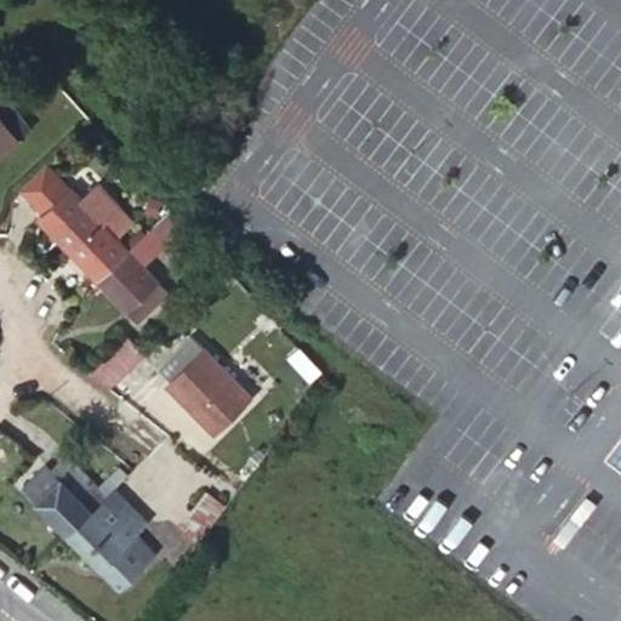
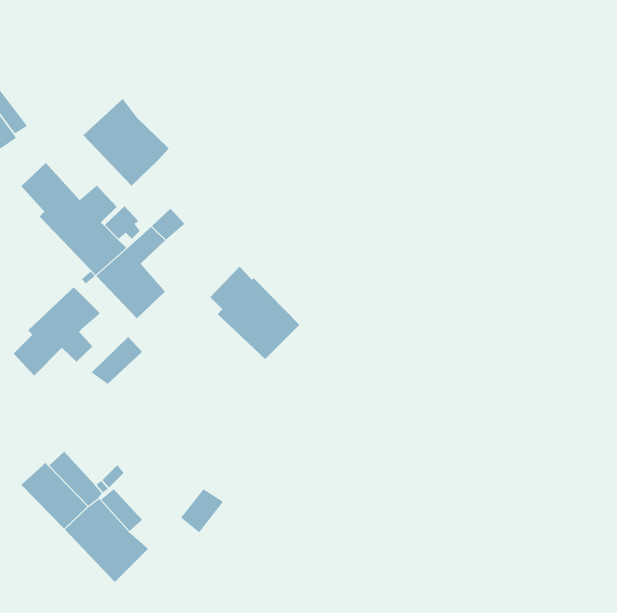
building: none -> [82,98,169,187]
building: none -> [13,287,101,376]
building: [158,341,249,435] -> [209,266,300,360]

